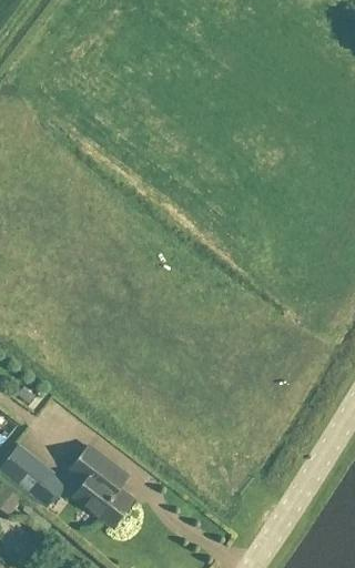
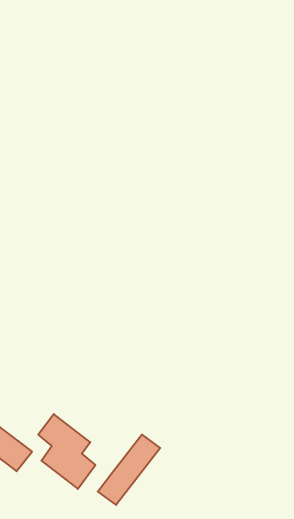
building: none -> [98,435,160,505]

